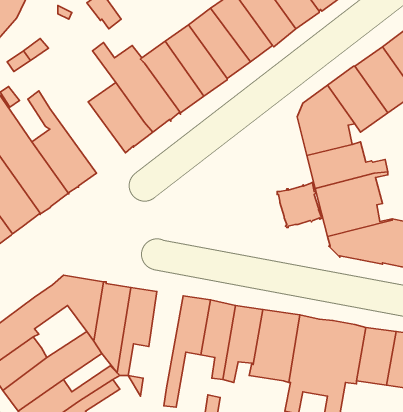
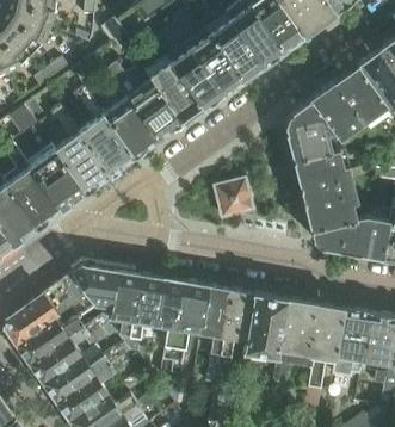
building: none -> [69,88,135,177]
building: [277,182,323,227] -> [214,179,253,218]
building: none -> [155,279,185,363]

